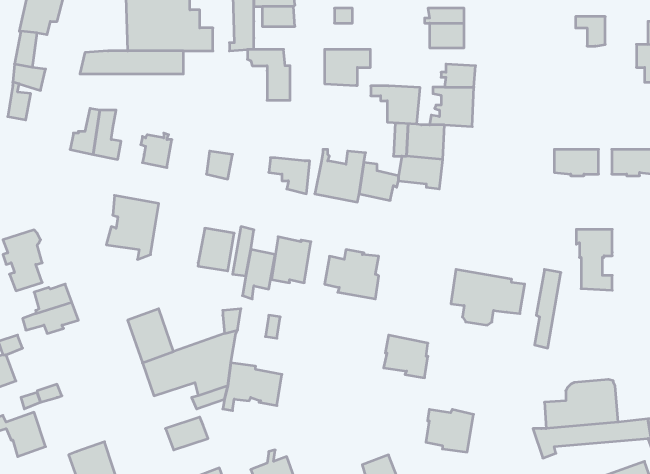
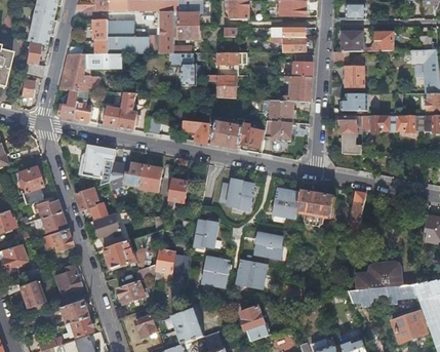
building: none -> [342,31,382,51]
building: none -> [344,66,364,86]
building: none -> [59,75,99,91]
building: [371,86,420,124] -> [206,74,237,97]
building: none -> [119,92,138,129]
building: none -> [341,92,367,110]
building: none -> [109,161,143,188]
building: [576,229,612,290] -> [338,115,361,153]
building: [271,237,311,283] -> [193,219,217,247]
building: none -> [75,187,108,219]
building: none -> [272,188,299,218]
building: none -> [41,227,71,249]
building: none -> [202,258,231,286]
building: none -> [53,263,79,291]
building: [426,409,474,452] -> [237,261,267,287]

